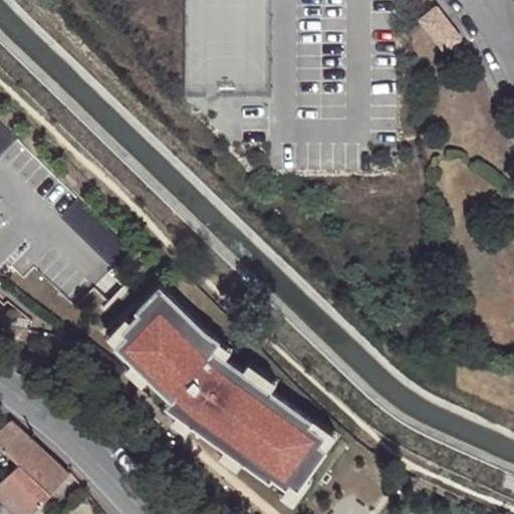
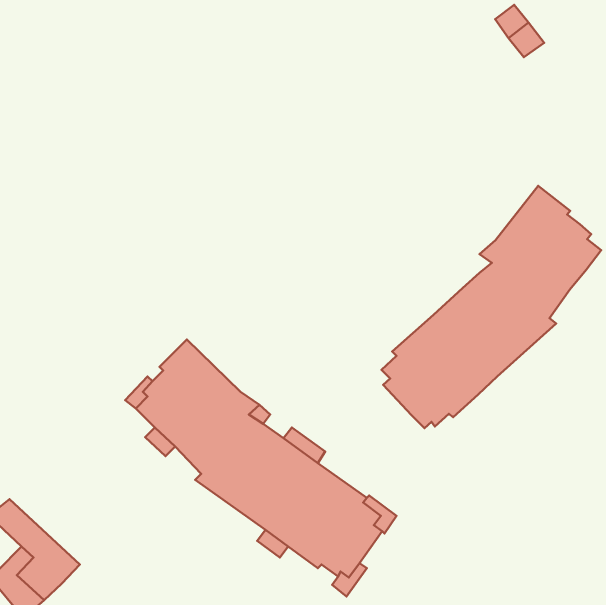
building: none -> [382,186,601,428]

